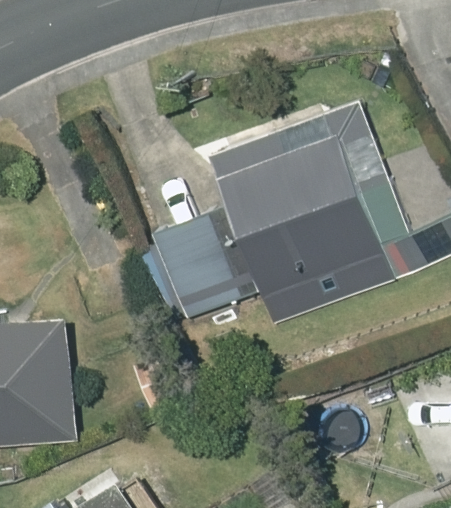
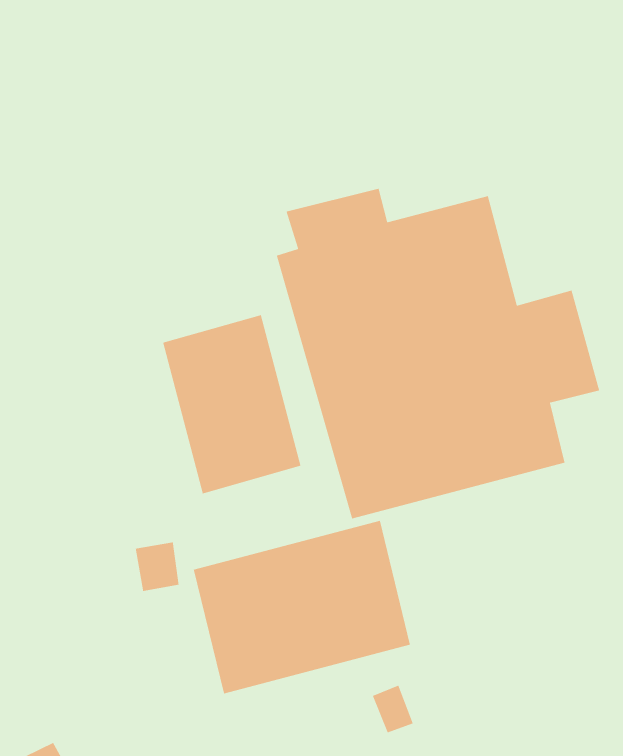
building: none -> [193,520,411,694]

